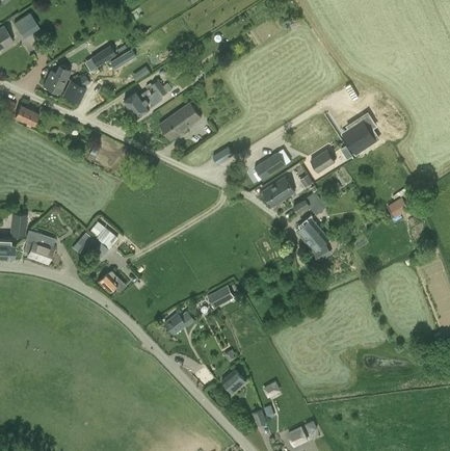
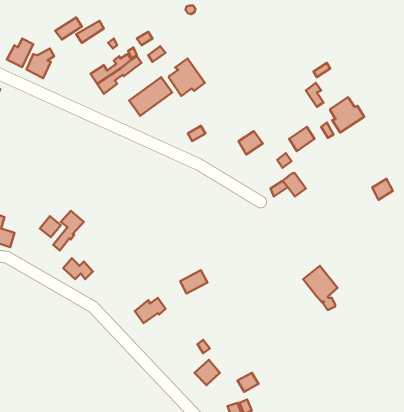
building: none -> [169,59,205,96]
building: [262,177,293,205] -> none
building: [295,217,327,259] -> [303,266,337,310]

